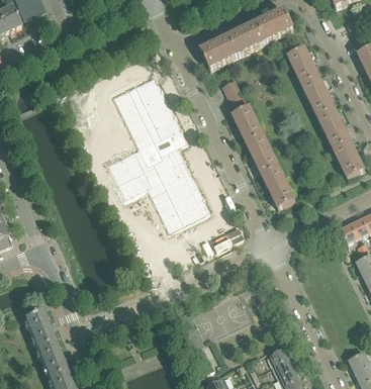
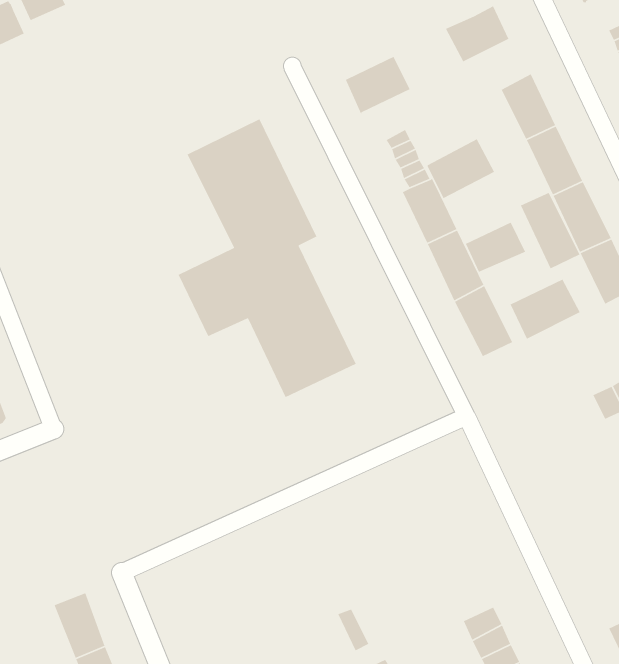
building: [228,21,267,56] -> [427,138,495,199]
building: none -> [520,192,580,270]
building: none -> [465,222,526,273]
building: none -> [510,278,581,340]
building: [24,308,55,346] -> none

